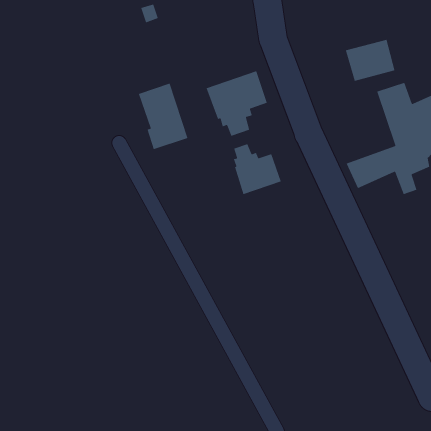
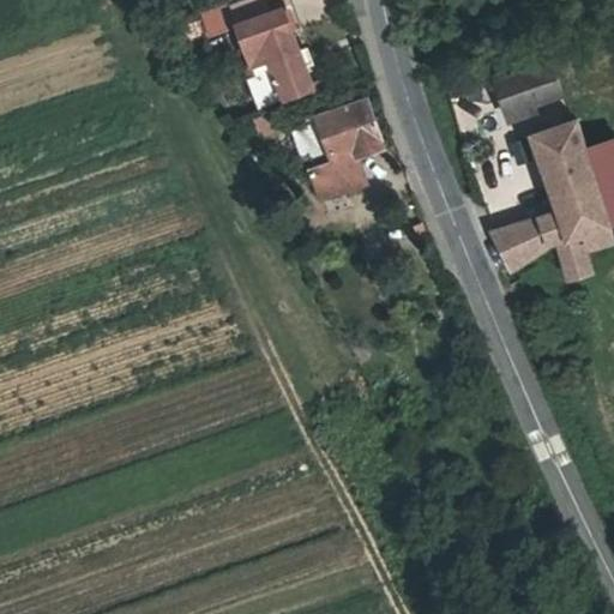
building: [138,83,189,150] -> [236,13,308,109]
building: [233,143,282,195] -> none

